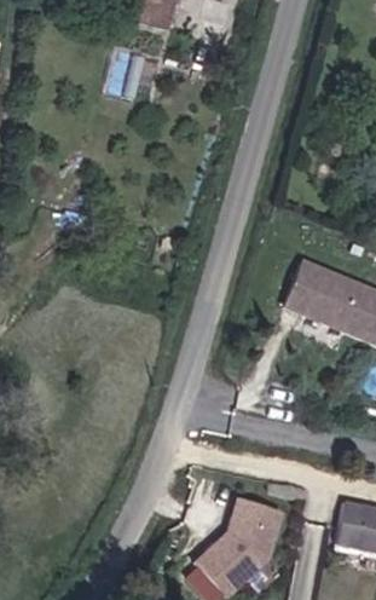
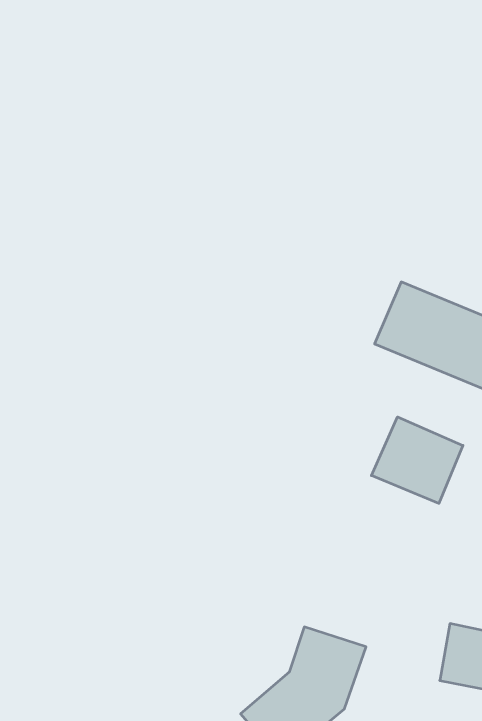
building: none -> [371,417,463,503]

